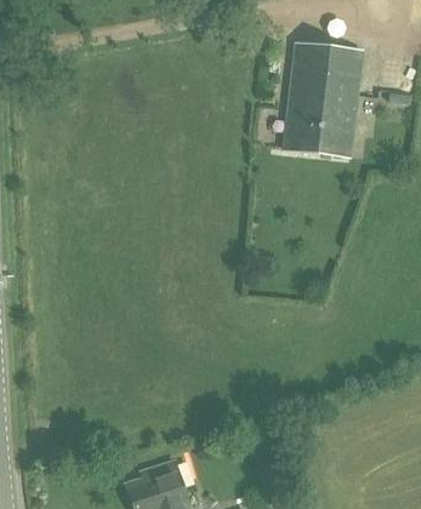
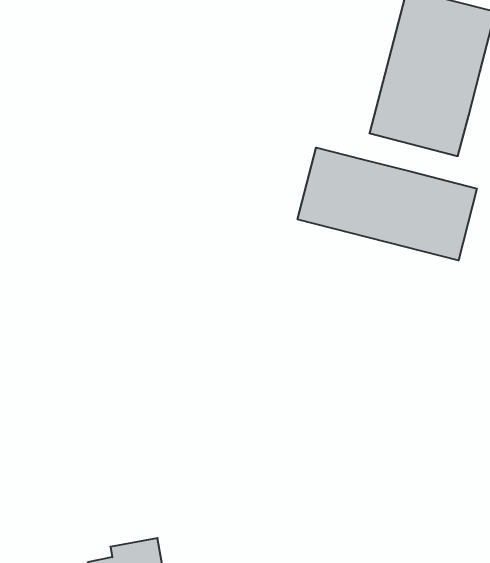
building: none -> [298,148,477,260]

